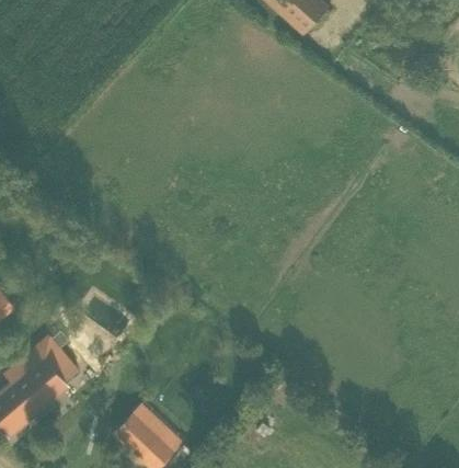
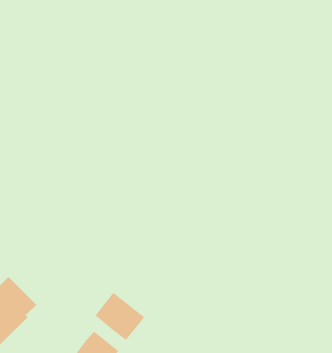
building: none -> [94,292,145,341]

